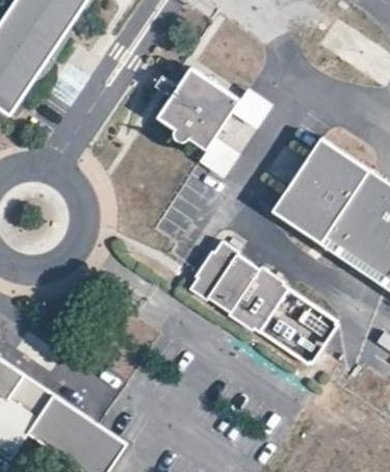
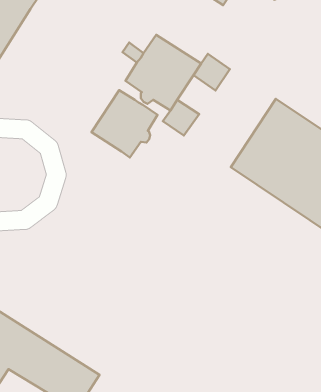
building: none -> [91,90,158,157]
building: [189,241,338,366] -> none

